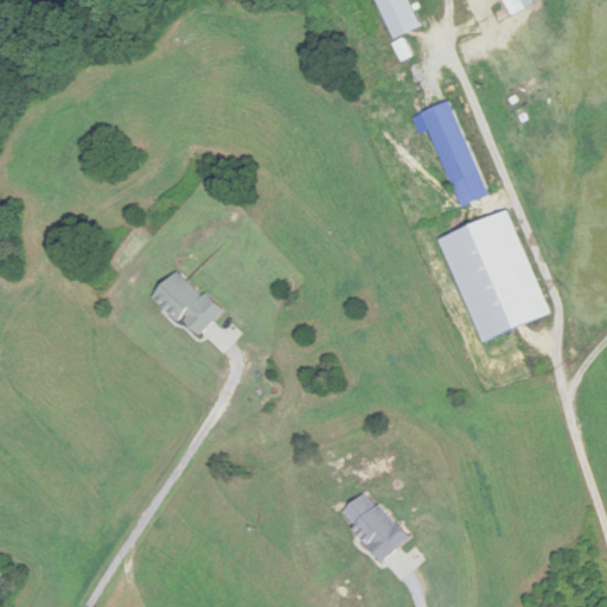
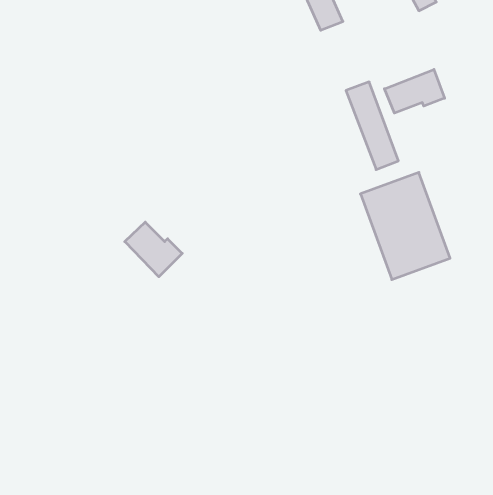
building: none -> [384,69,445,113]
building: [338,491,408,558] -> none

